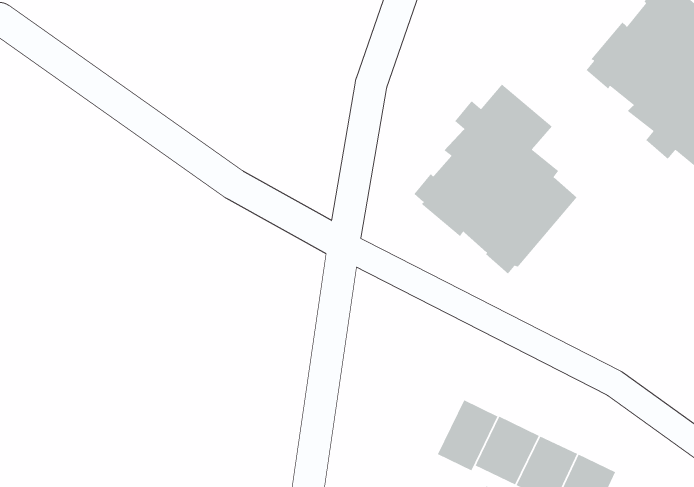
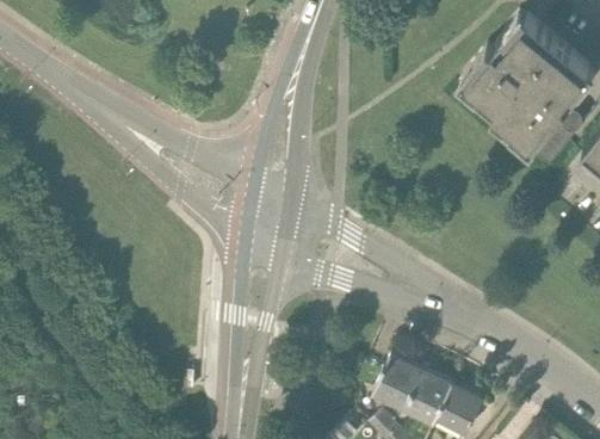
building: [414,84,578,275] -> none
building: [437,399,499,472] -> none

